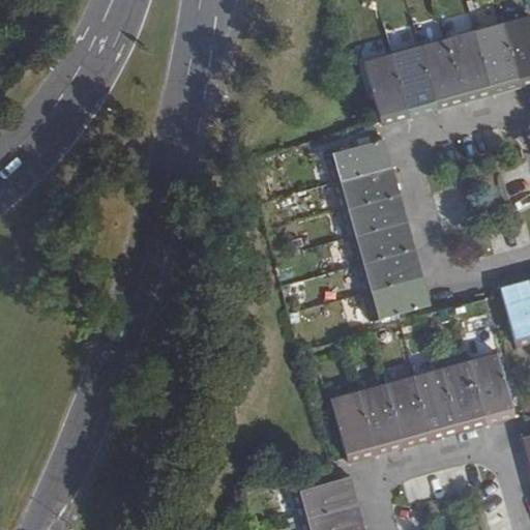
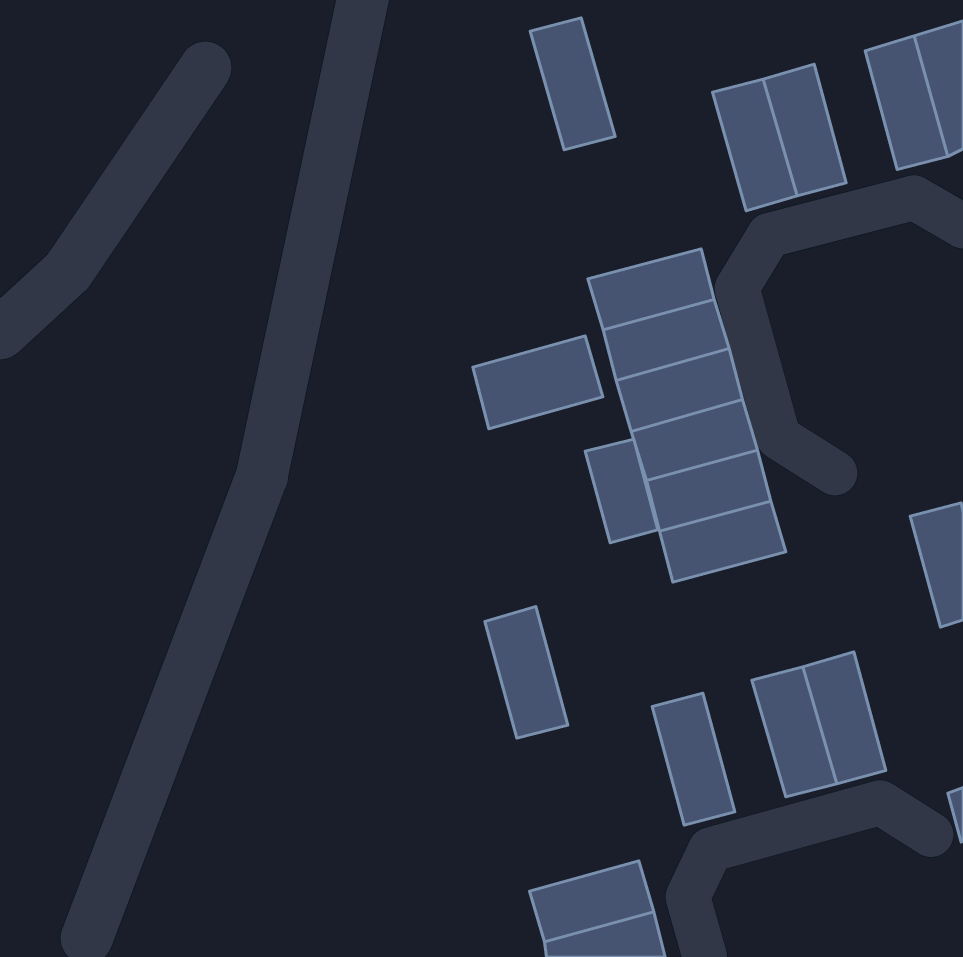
building: [447,28,493,100] -> none
building: [363,51,410,123] -> [530,18,615,150]
building: none -> [473,336,603,429]
building: none -> [585,439,658,543]
building: [469,351,514,423] -> none
building: [386,374,432,446] -> none
building: [330,388,376,461] -> [485,606,568,738]

